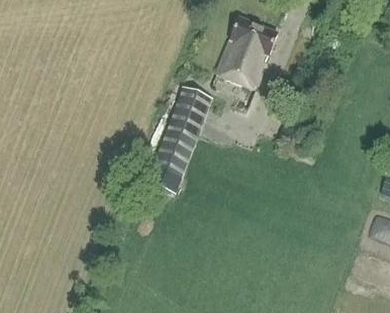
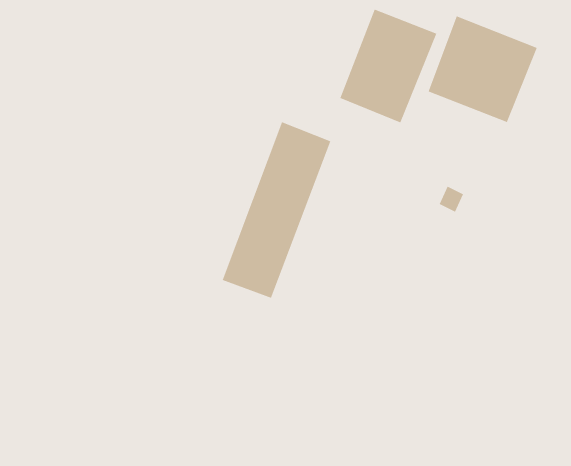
building: none -> [428,16,538,123]

